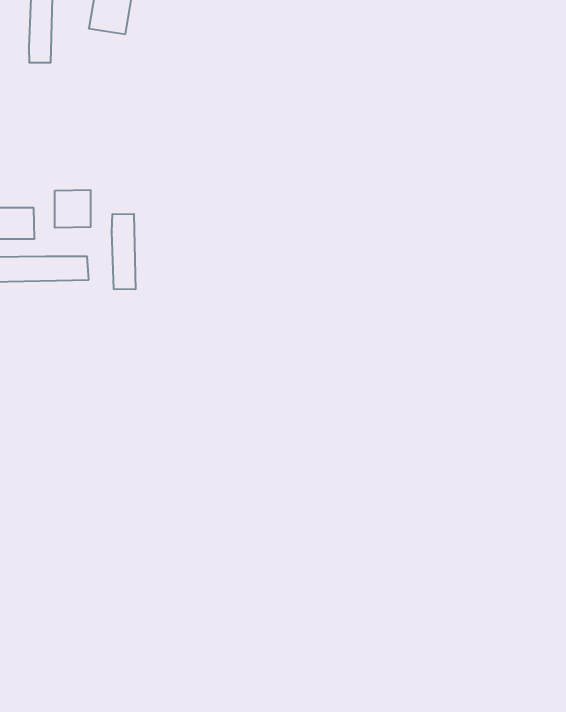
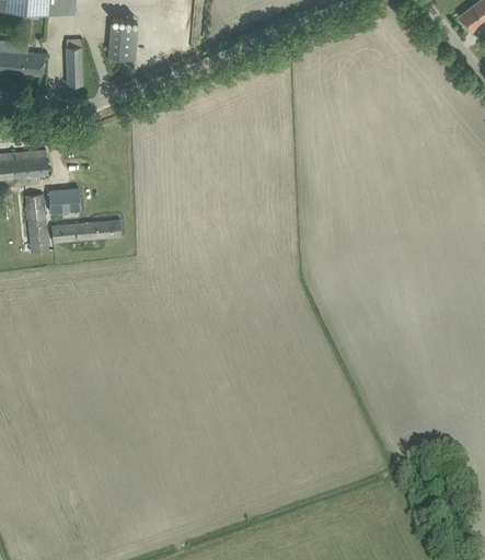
building: [55,190,91,228] -> none
building: [112,214,135,289] -> none

